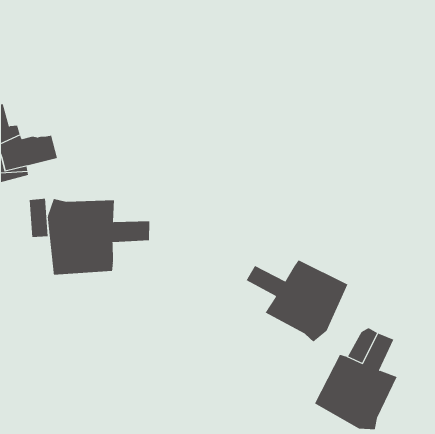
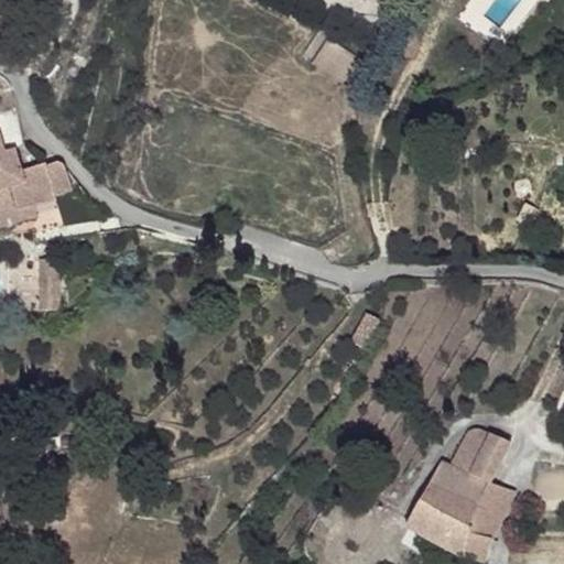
building: [47,198,150,275] -> none
building: [246,259,348,342] -> none

